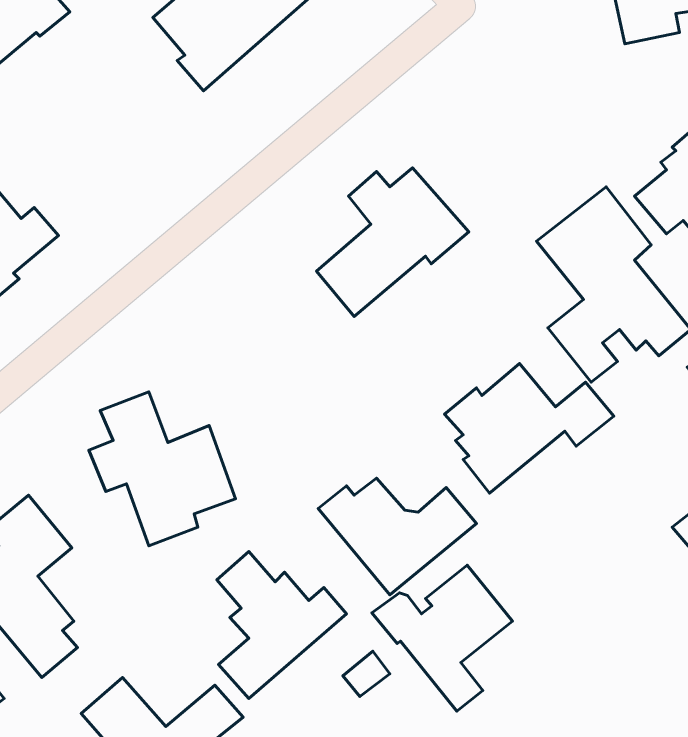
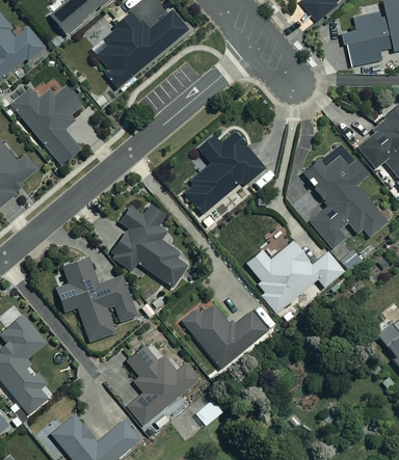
building: none -> [11,84,82,164]
building: none -> [109,206,188,288]
building: [372,565,513,711] -> none

